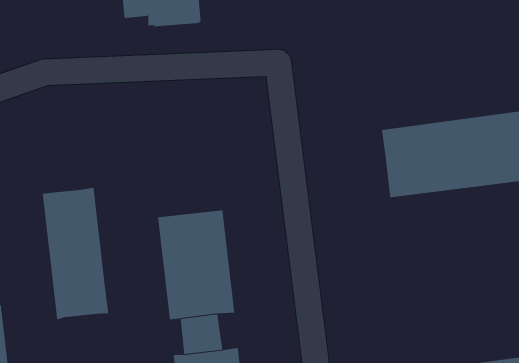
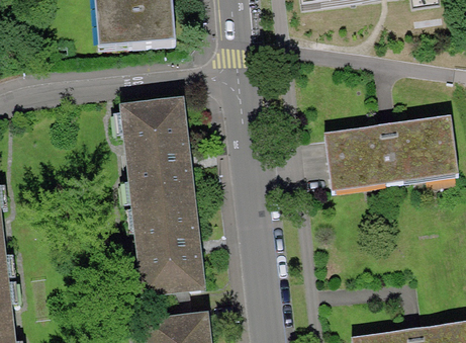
building: none -> [124,103,191,206]
building: [42,187,109,320] -> none

